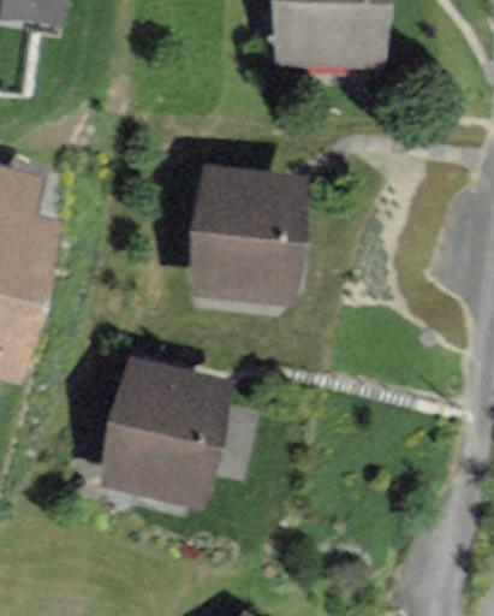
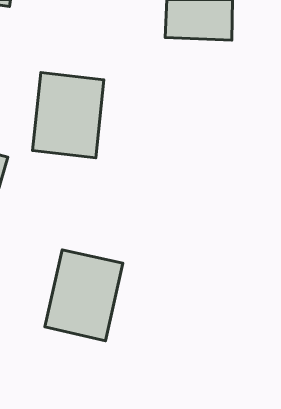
building: [195,172,299,297] -> [33,73,104,158]

